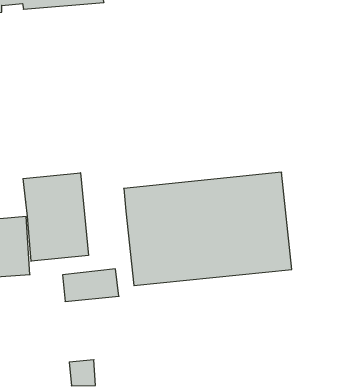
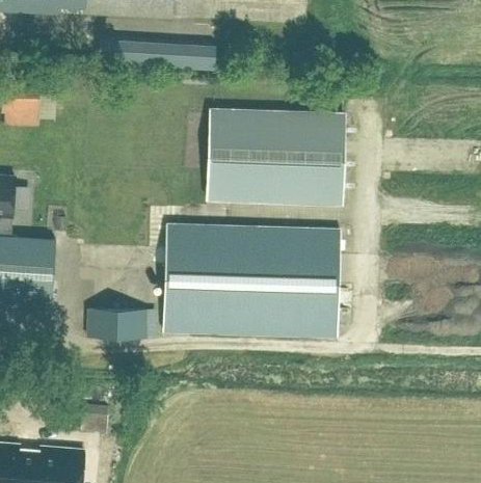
building: none -> [98,39,215,71]
building: none -> [207,108,344,204]
building: [23,173,88,261] -> none

